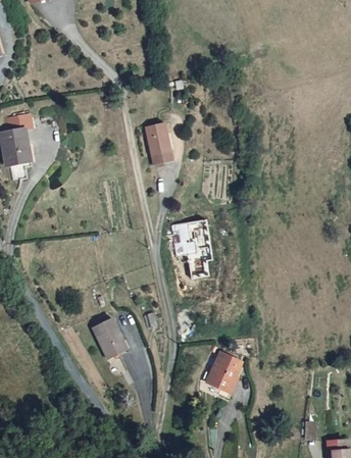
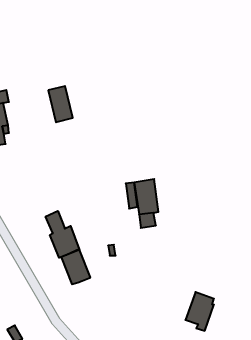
building: [146,122,176,166] -> [48,86,73,122]
building: none -> [46,211,79,258]
building: [206,349,241,396] -> [185,292,214,331]

